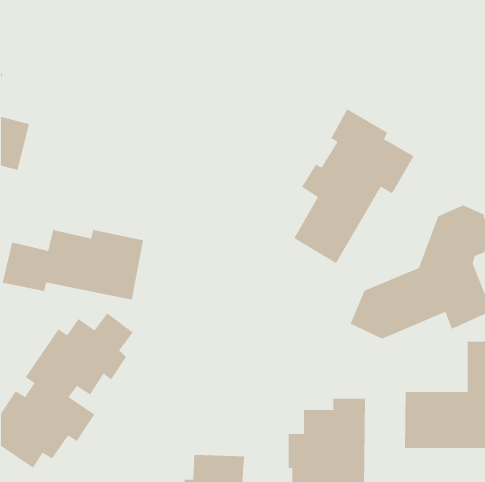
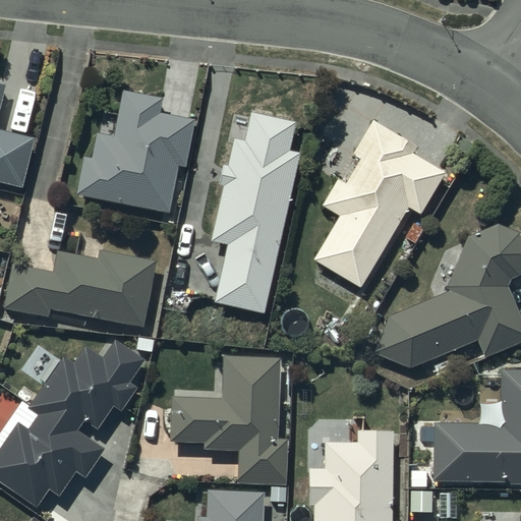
building: none -> [77,90,194,212]
building: none -> [212,111,300,312]
building: none -> [171,356,287,484]

